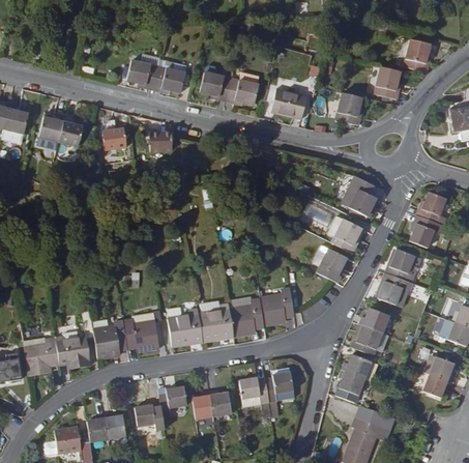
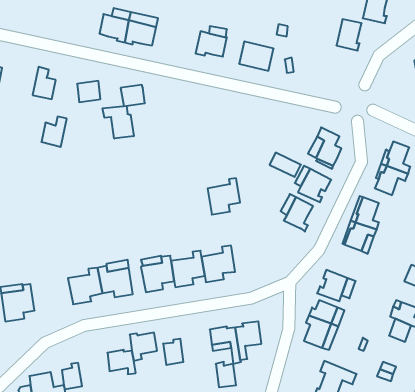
building: [200,71,231,100] -> none
building: [335,92,360,124] -> none
building: [39,112,65,143] -> [41,117,67,147]
building: none -> [103,106,134,139]
building: [262,287,295,324] -> [208,178,240,215]
building: [359,307,388,330] -> none
building: [57,312,95,368] -> none
building: [210,390,231,416] -> [216,362,236,387]
building: [106,416,128,441] -> none

